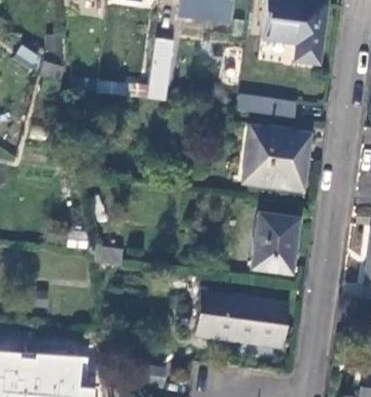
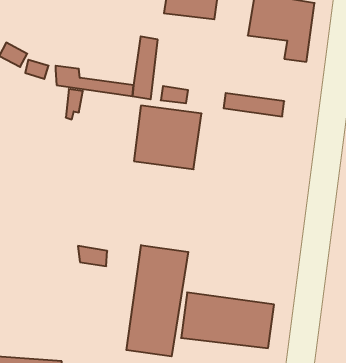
building: [242,126,309,189] -> [134,106,202,169]
building: [252,213,298,272] -> none
building: none -> [126,245,188,356]

